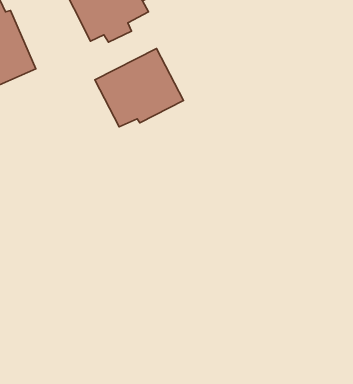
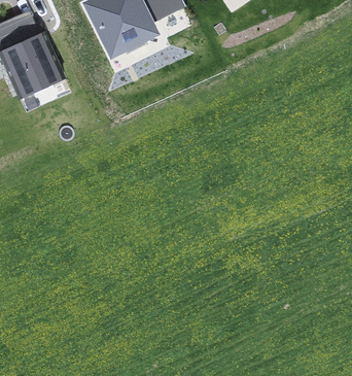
building: [95,48,183,127] -> none

